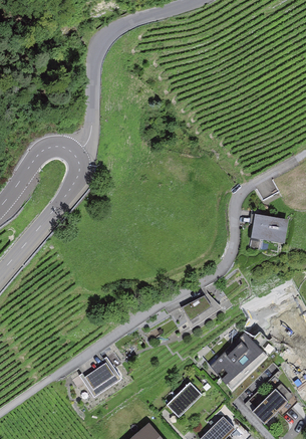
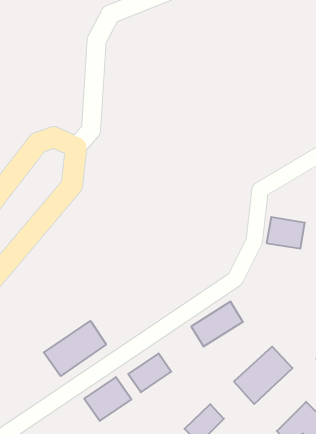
building: none -> [44,321,106,376]
building: none -> [128,353,171,392]

